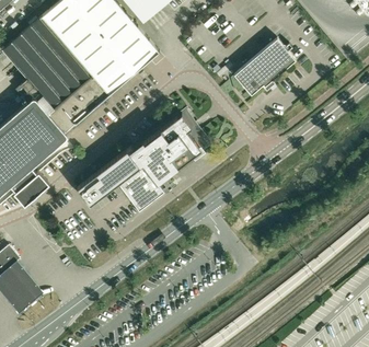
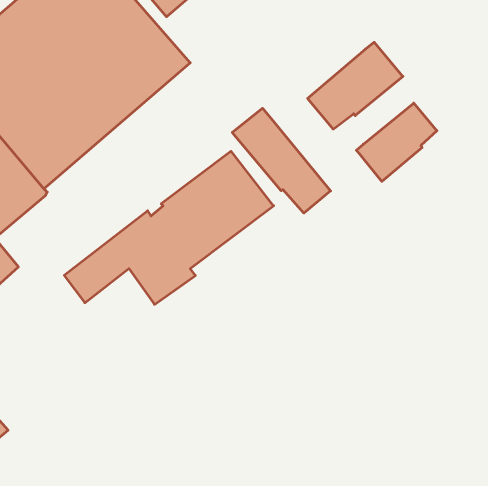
building: none -> [356,103,437,181]
building: none -> [232,108,331,213]

